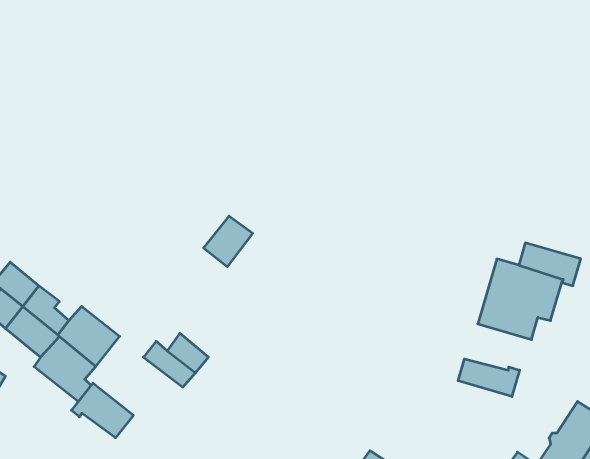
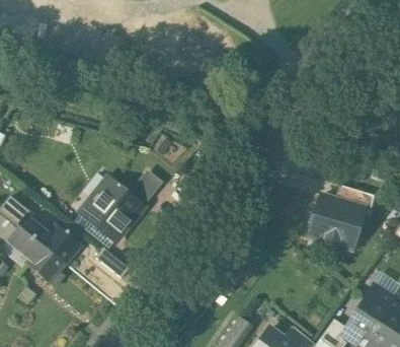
building: none -> [80,180,141,240]
building: [458,359,520,397] -> none
building: [71,383,133,438] -> none

